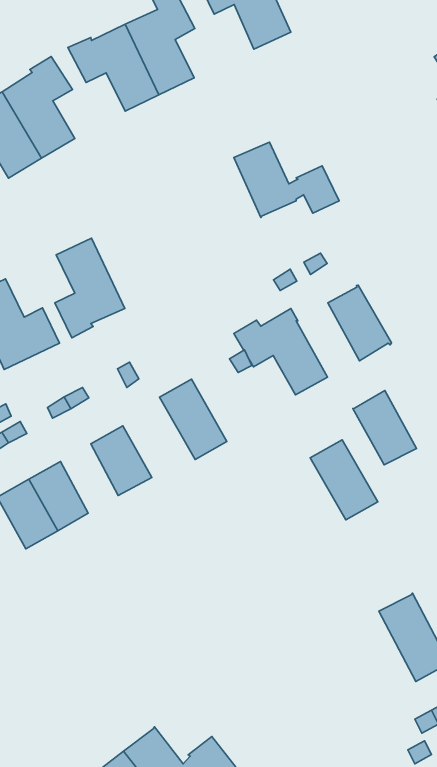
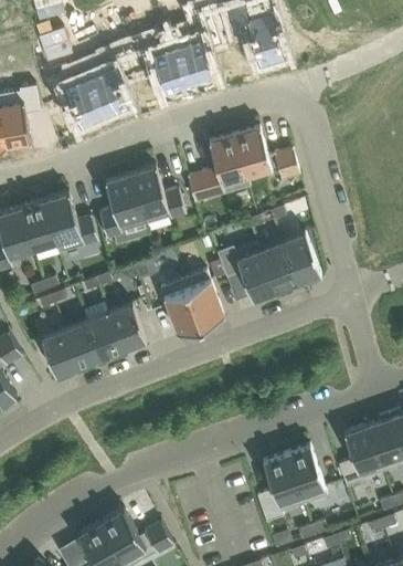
building: none -> [187,135,250,202]
building: none -> [129,167,185,226]
building: [353,391,416,465] -> [258,242,297,292]
building: [310,440,378,520] -> [182,271,223,325]
building: none -> [86,313,121,359]
building: none -> [256,454,303,523]

